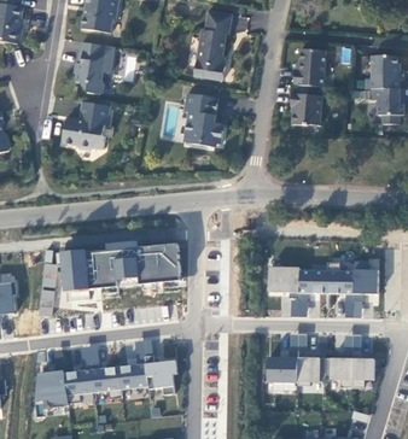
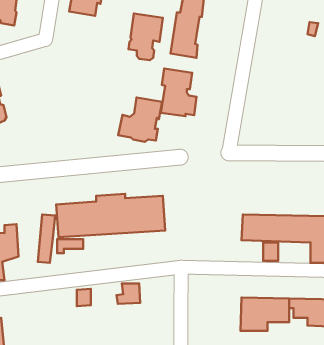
building: [72,46,111,98] -> [128,14,163,60]
building: [298,52,331,90] -> none
building: [296,96,327,130] -> none
building: [59,105,109,154] -> [118,97,162,142]
building: [39,359,181,400] -> none

